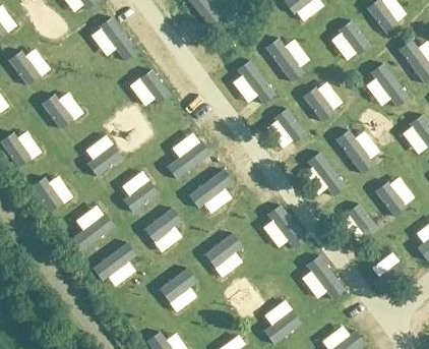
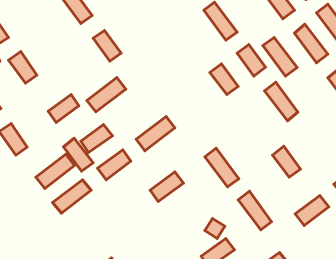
building: [237,60,275,105] -> none
building: [169,137,213,177] -> [87,78,126,112]
building: [306,153,346,197] -> [263,38,297,76]
building: [375,179,407,216] -> none
building: none -> [64,138,93,171]
building: [159,268,197,302] -> none

